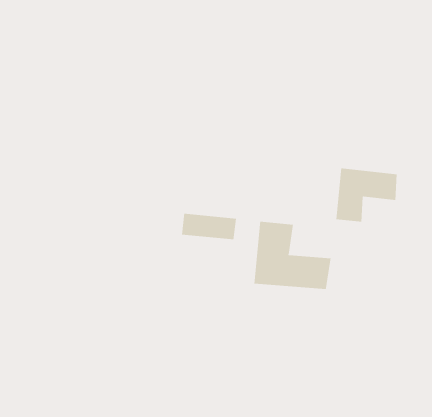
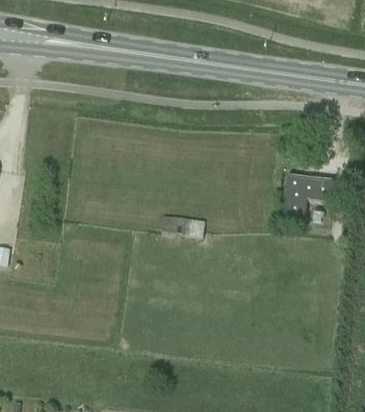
building: [254,221,331,290] -> none

